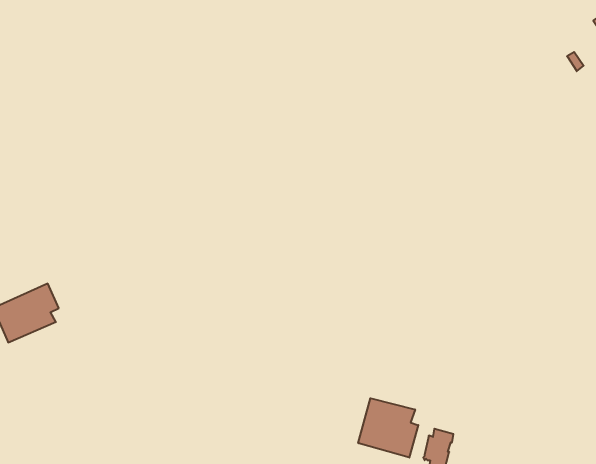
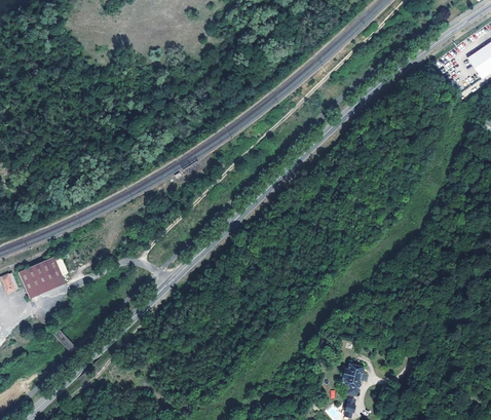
building: [358,398,418,458] -> none

